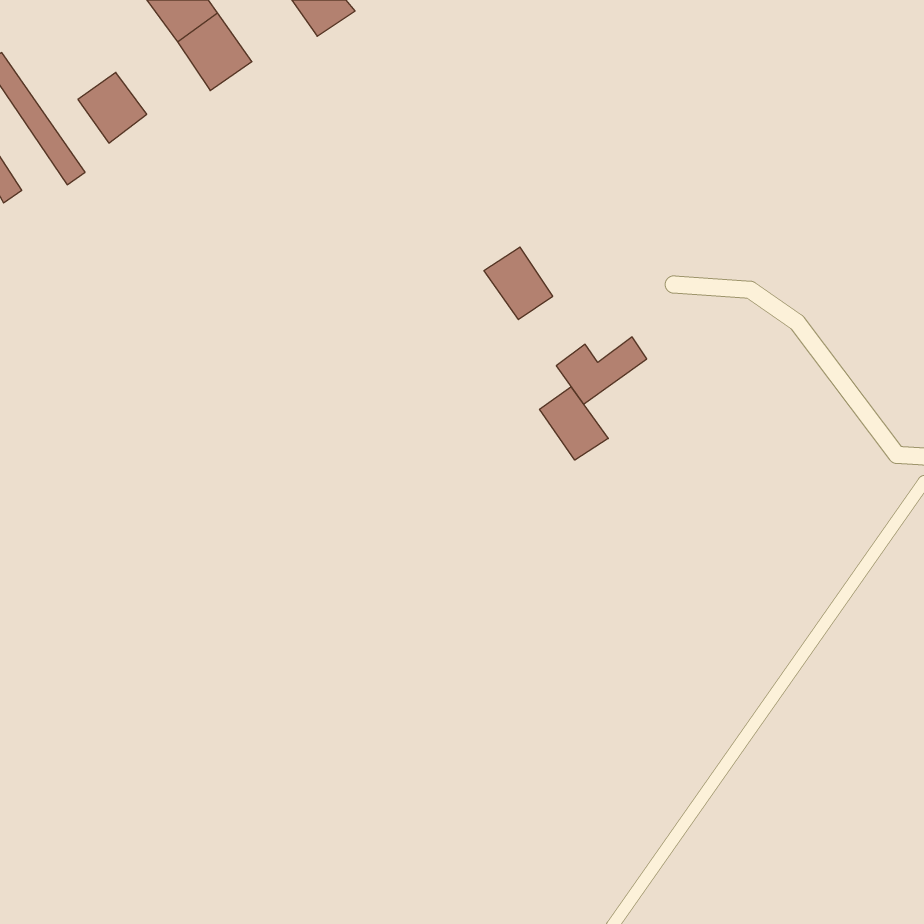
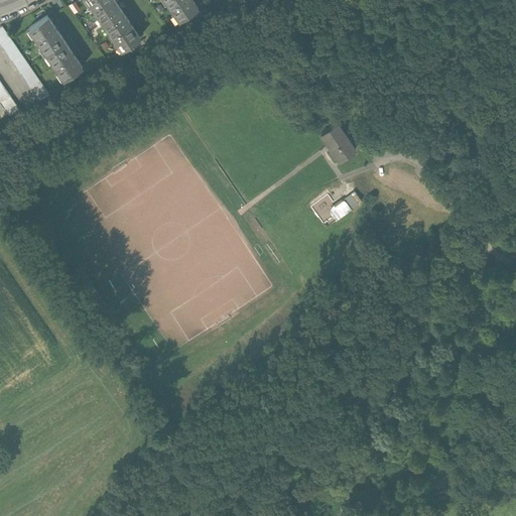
building: none -> [25,16,64,56]
building: [484,247,553,320] -> [319,122,358,162]
building: [540,387,608,460] -> none

